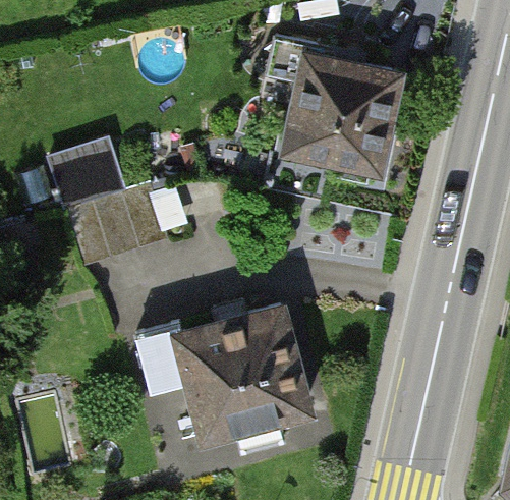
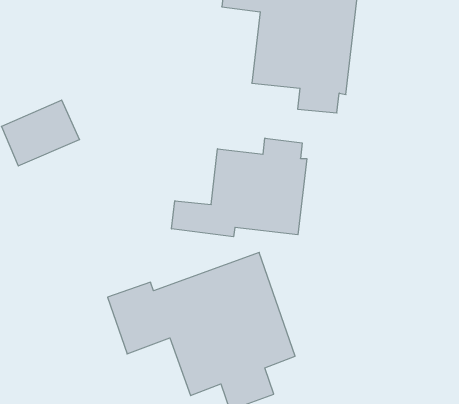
building: [64,181,169,265] -> none
building: none -> [172,138,307,237]

